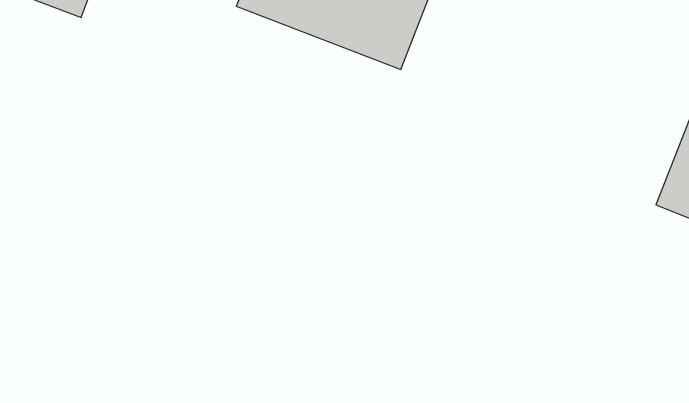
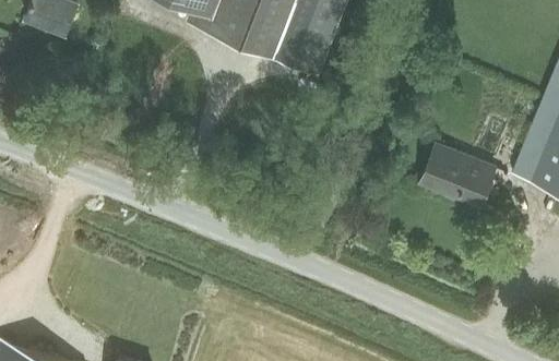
building: none -> [418,147,493,210]

